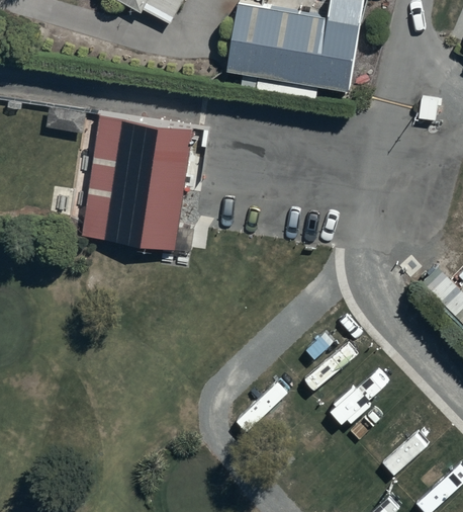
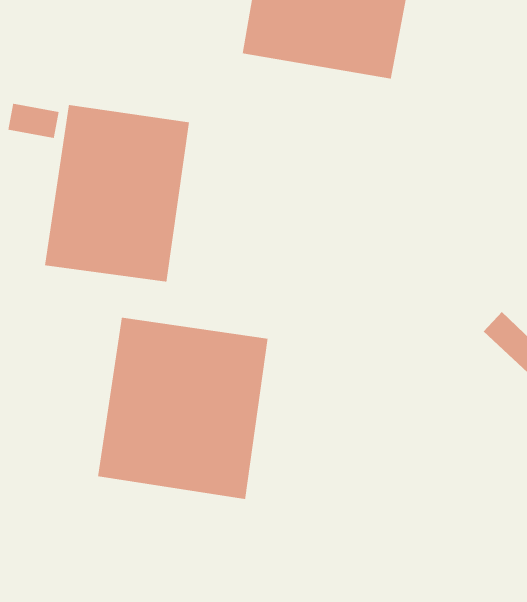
building: none -> [97,317,268,500]

